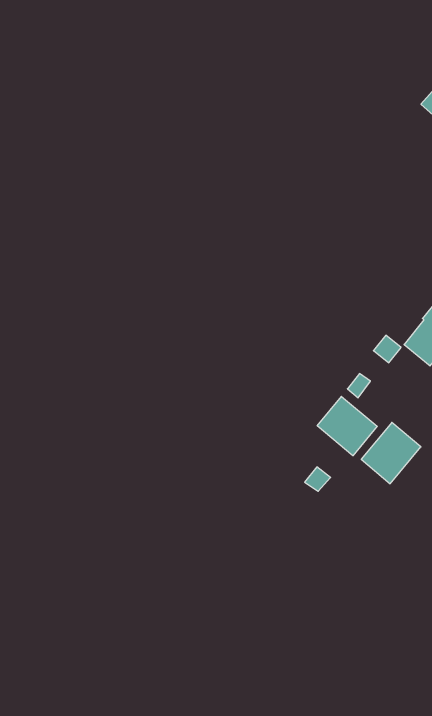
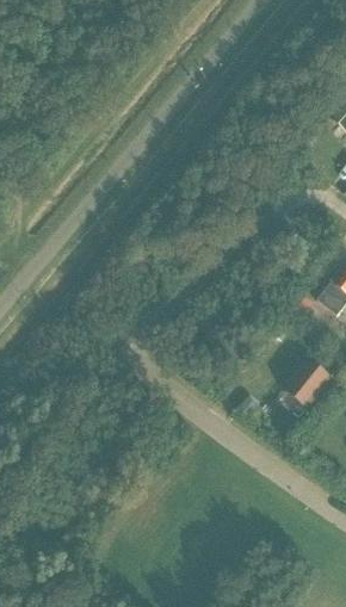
building: [317,396,377,456] -> none

